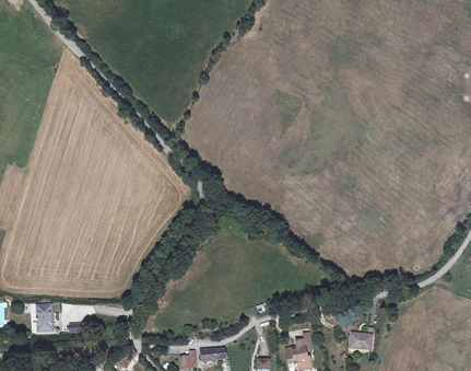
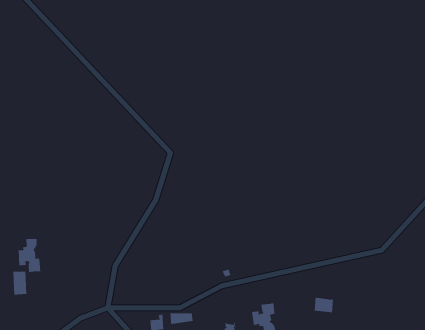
building: none -> [18,238,41,273]

